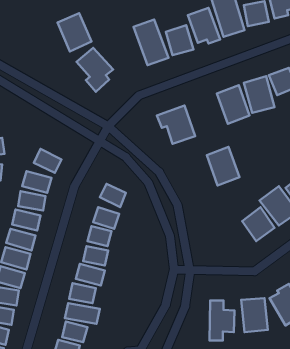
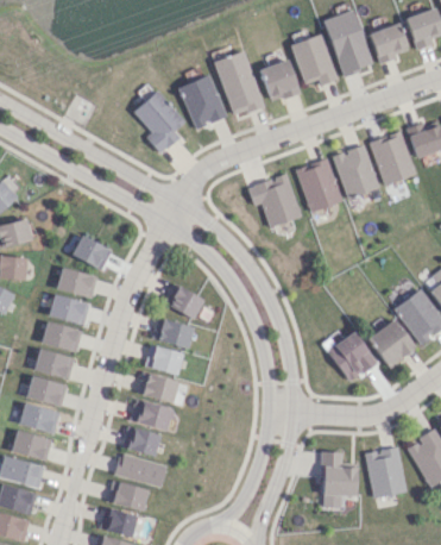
building: [57,13,92,52] -> [178,74,227,129]
building: [207,147,239,185] -> [296,157,342,212]
building: none -> [327,330,377,382]

